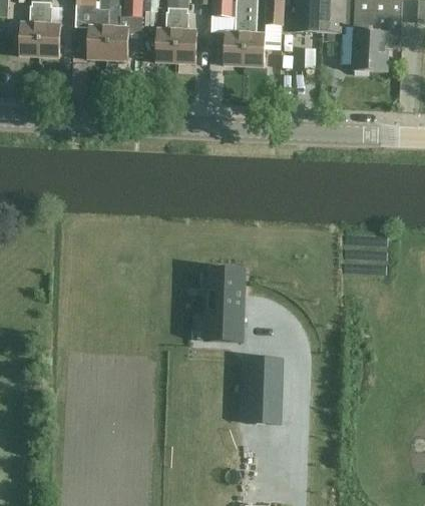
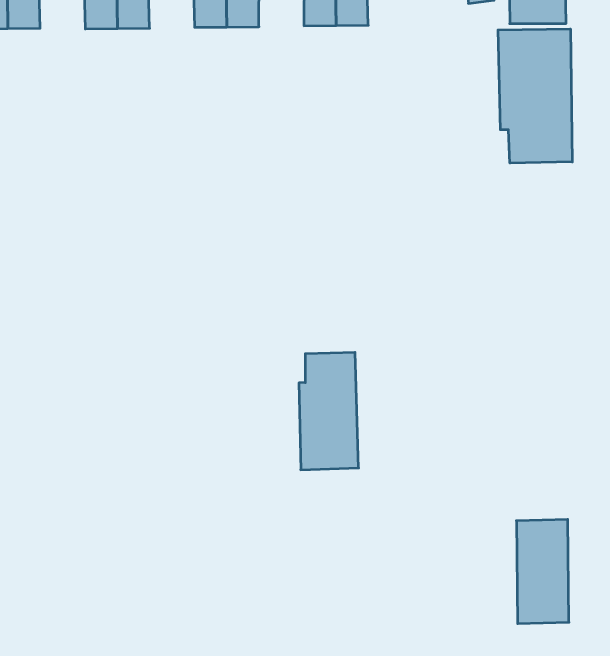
building: none -> [498,29,572,163]
building: [246,357,281,422] -> [516,519,569,624]

